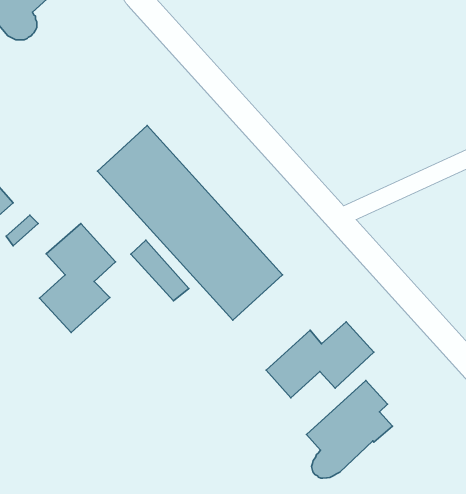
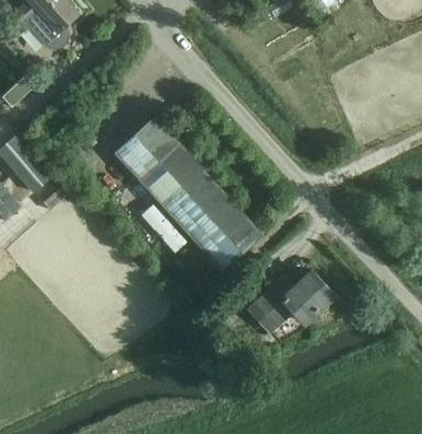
building: [40,223,116,333] -> none
building: [307,381,392,478] -> none

